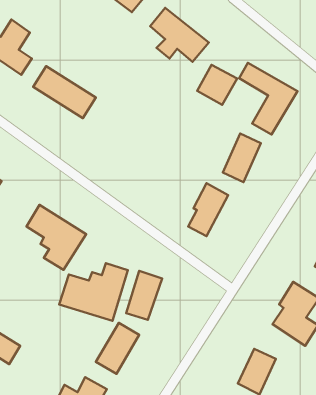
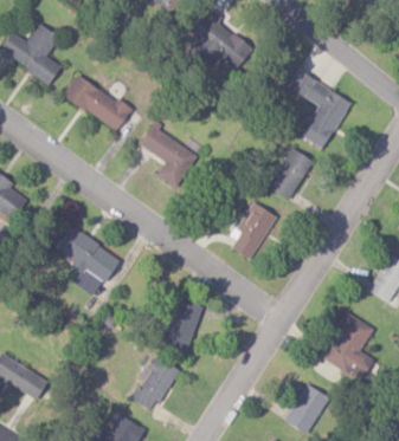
building: [197,65,237,105] -> none
building: none -> [139,125,198,189]
building: [59,263,128,321] -> none

